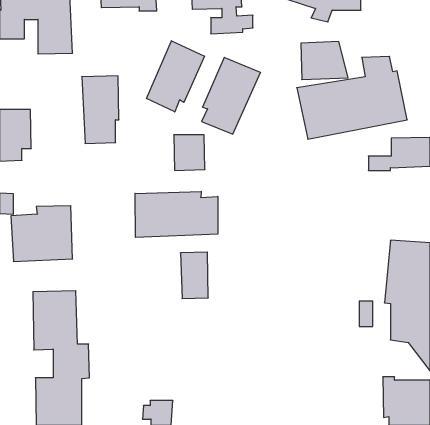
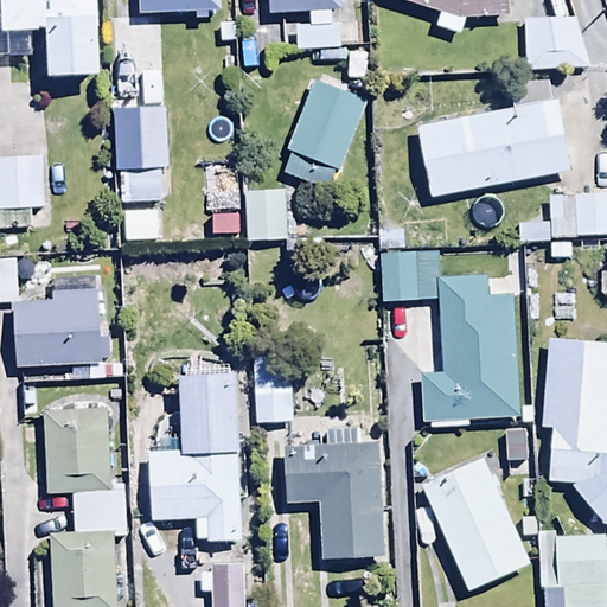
building: [147,41,204,112] -> none
building: [301,42,348,80] -> [523,14,589,68]
building: none -> [379,249,519,428]
building: [135,191,218,237] -> none
building: none -> [152,372,243,541]
building: none -> [285,424,379,556]
building: none -> [423,455,533,592]

